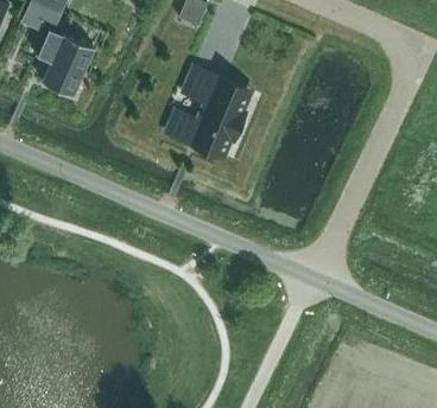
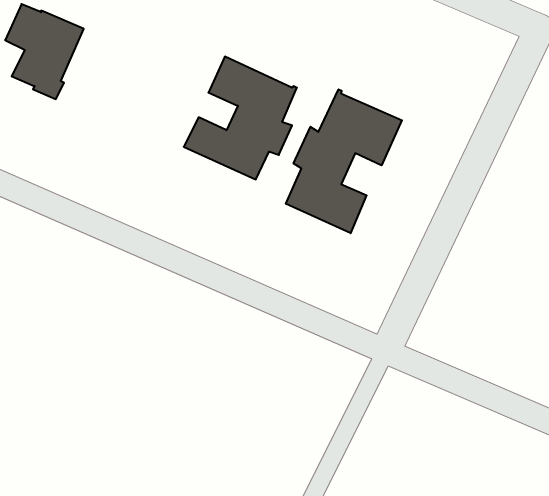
building: none -> [286,89,402,233]

